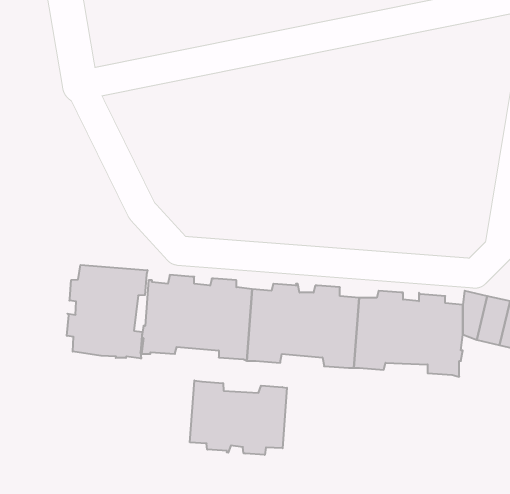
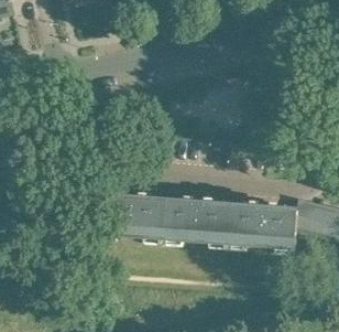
building: [67,265,147,359] -> none
building: [190,380,287,455] -> none

